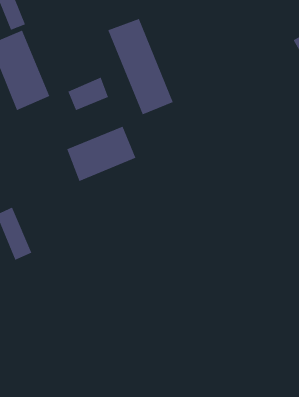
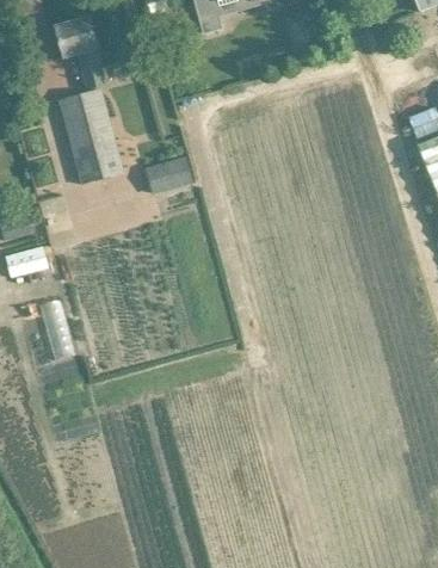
building: [108,18,173,115] -> none
building: [67,126,136,182] -> none

